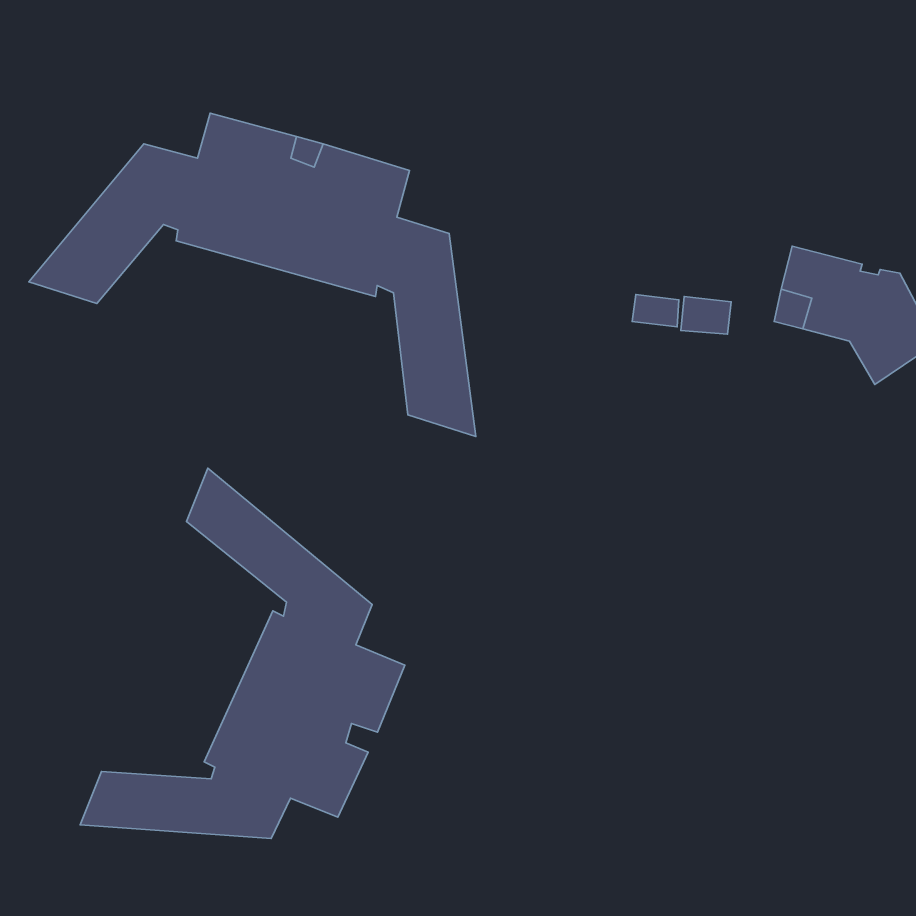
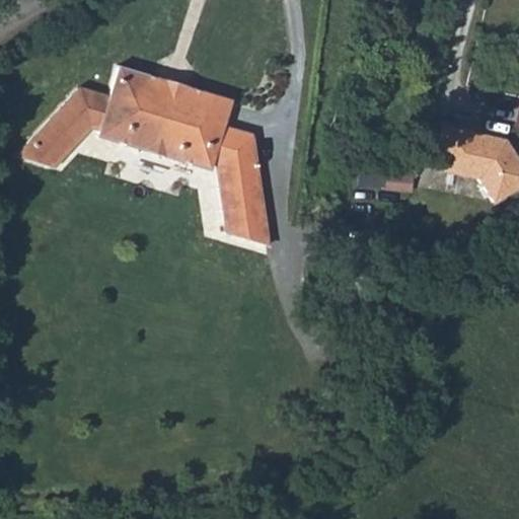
building: [80,468,405,839] -> none

